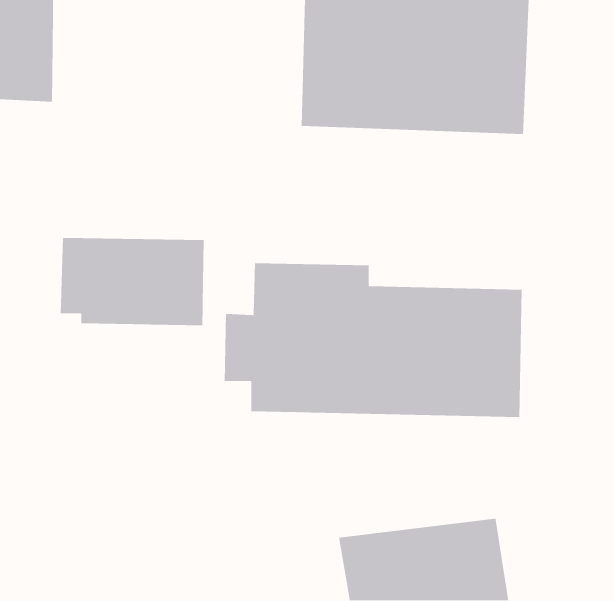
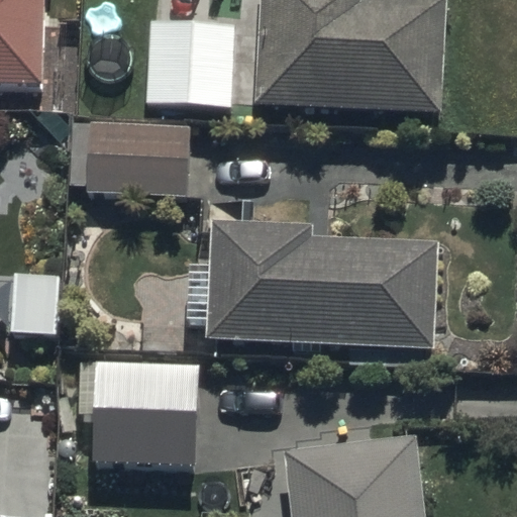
building: none -> [144,20,234,107]
building: [60,237,204,326] -> [69,120,190,195]
building: none -> [93,348,199,453]

